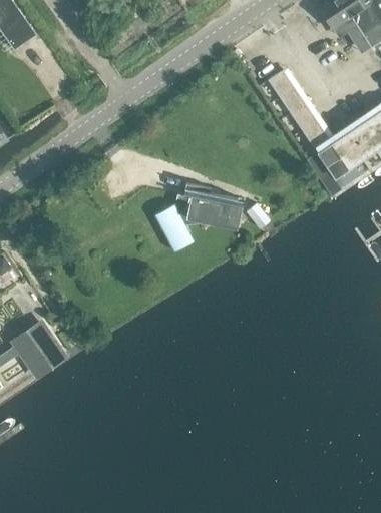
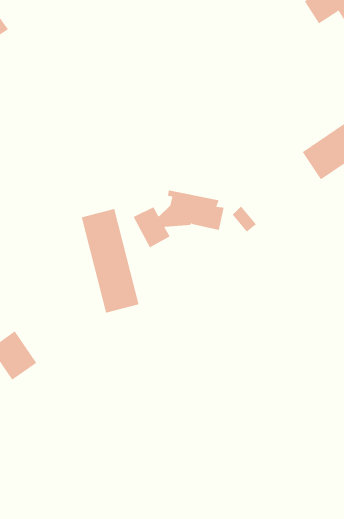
building: [268,70,329,148] -> none
building: none -> [81,208,139,314]

